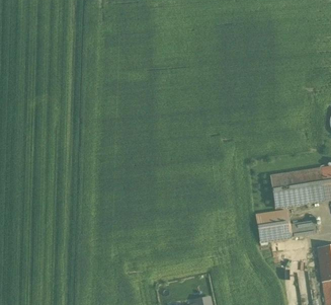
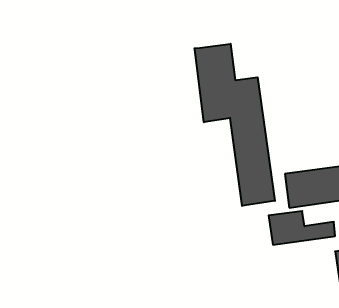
building: none -> [194,44,275,206]

